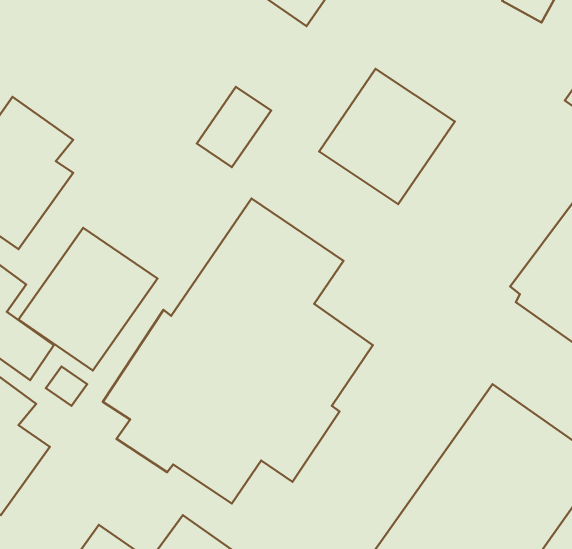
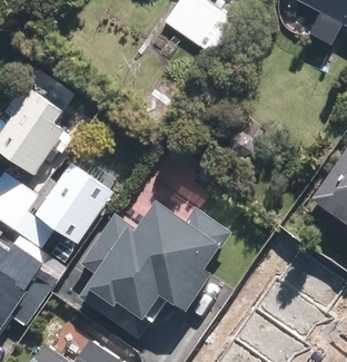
building: [319,69,455,204] -> none

